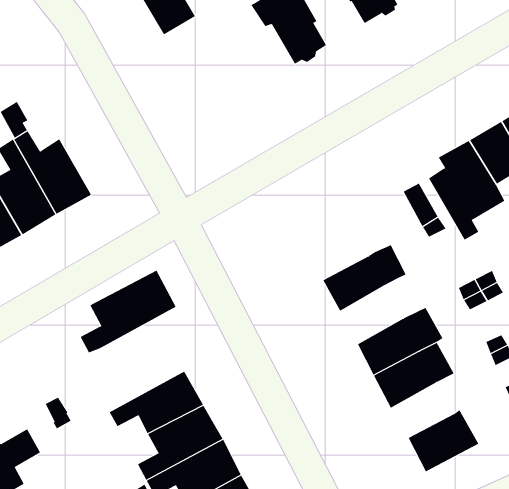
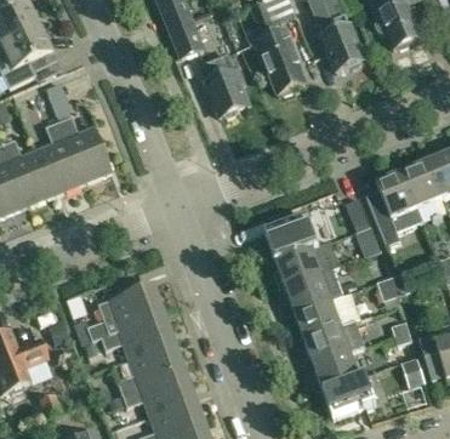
building: none -> [204,55,247,116]
building: none -> [266,216,318,260]
building: [80,270,177,353] -> [85,283,161,338]
building: none -> [285,267,343,312]
building: none -> [313,349,360,388]

